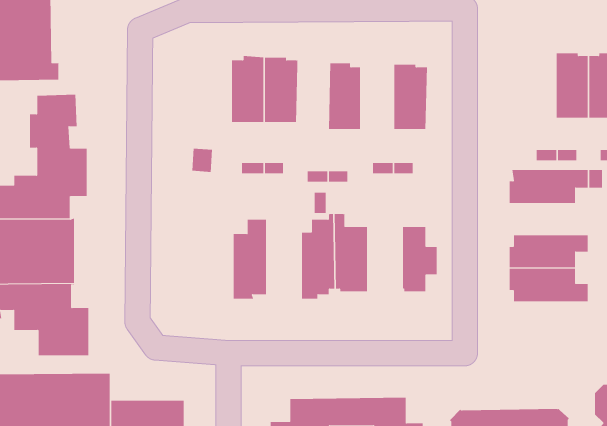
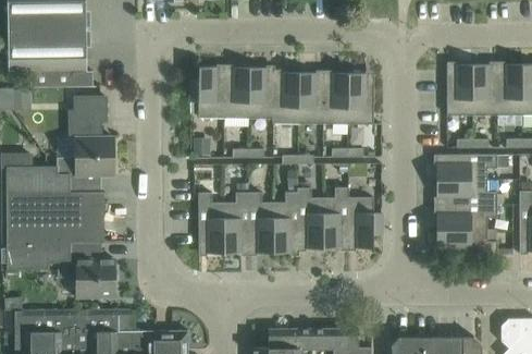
building: none -> [447,64,472,114]
building: none -> [190,66,224,118]
building: none -> [273,72,299,123]
building: none -> [323,73,348,123]
building: none -> [436,180,497,204]
building: none -> [329,187,355,247]
building: none -> [198,192,225,253]
building: none -> [251,192,277,253]

